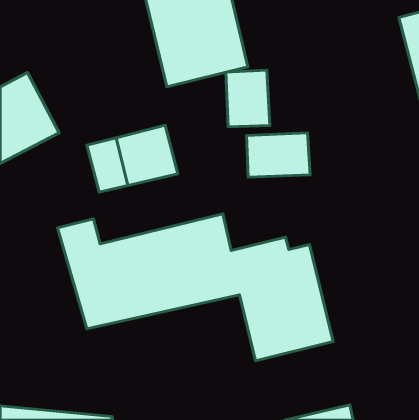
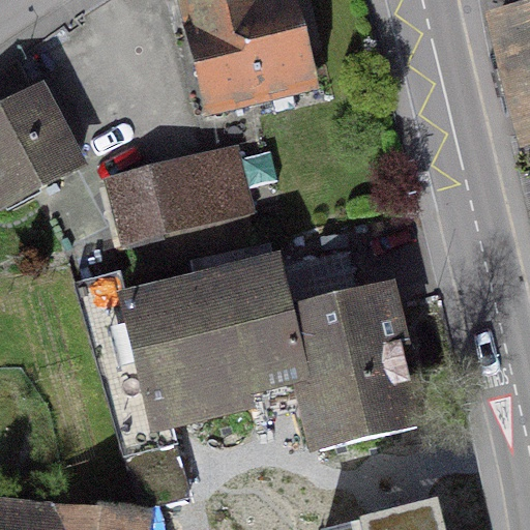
building: [226,70,270,127] -> none
building: [246,133,310,177] -> none

